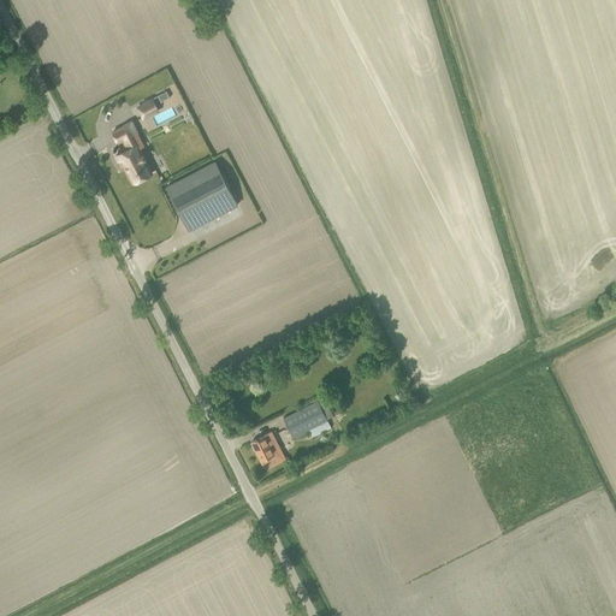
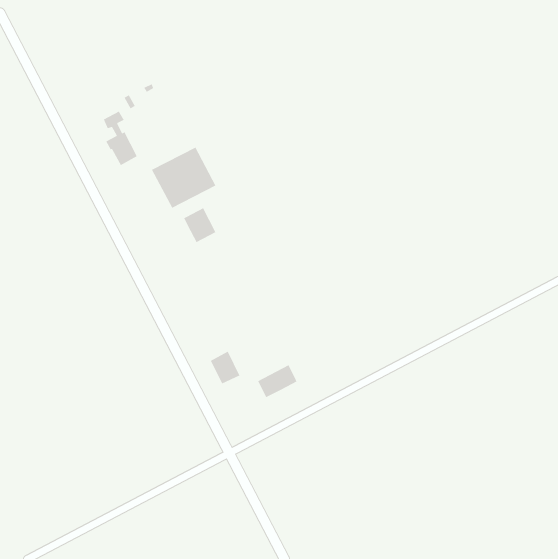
building: none -> [183,207,216,243]
building: [253,431,286,468] -> [210,351,240,385]

